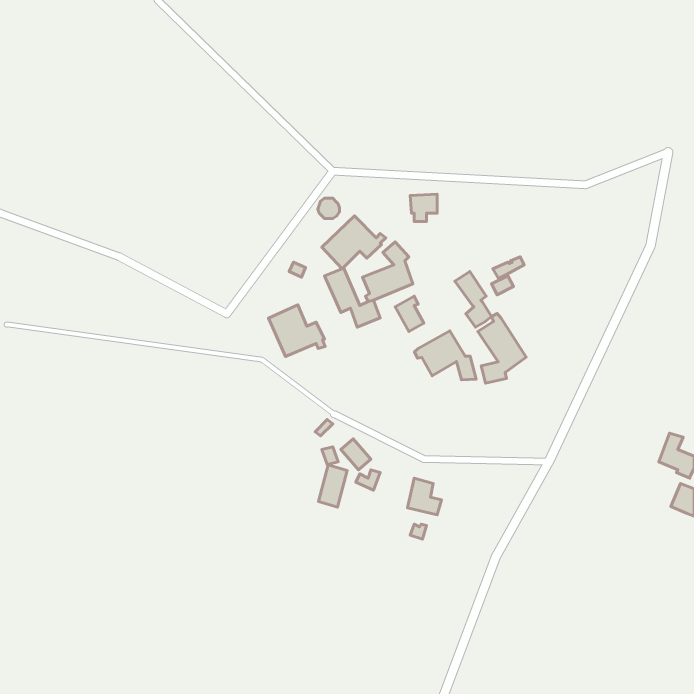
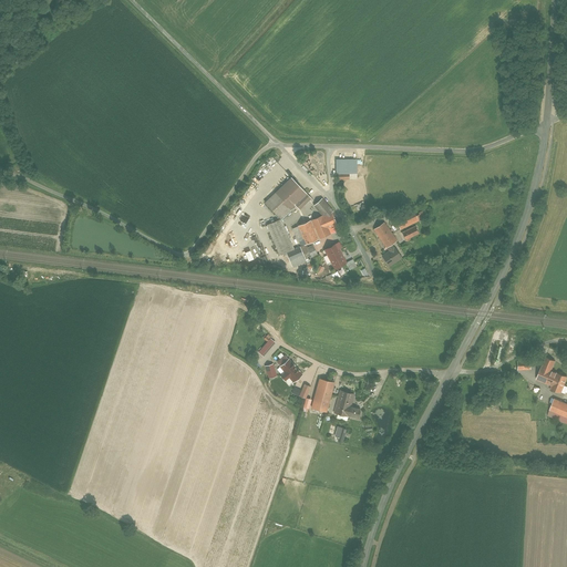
building: [268,305,325,357] -> none
building: [478,313,526,383] -> none
building: [414,331,476,380] -> none
building: [319,465,347,507] -> [310,378,333,412]

